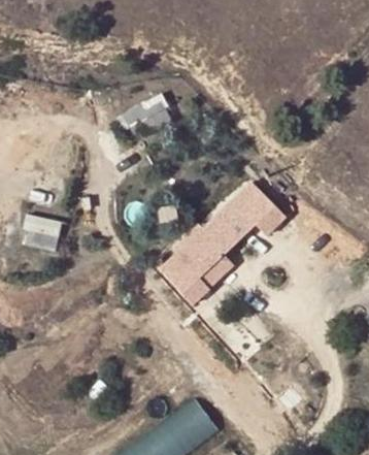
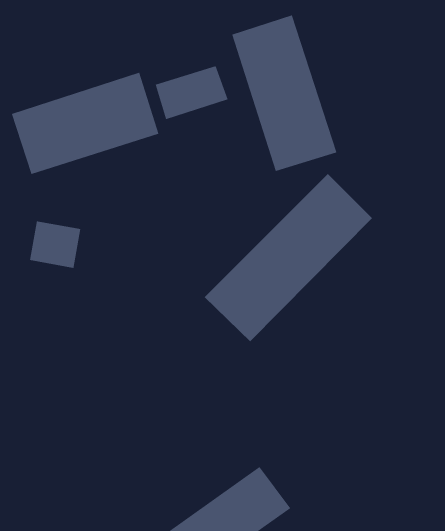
building: none -> [231,14,337,172]
building: none -> [11,72,159,175]

